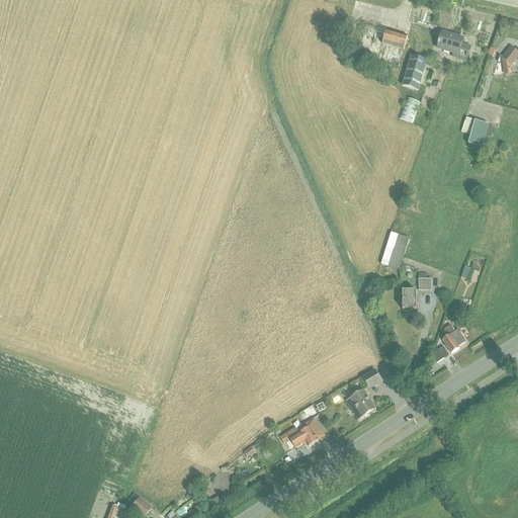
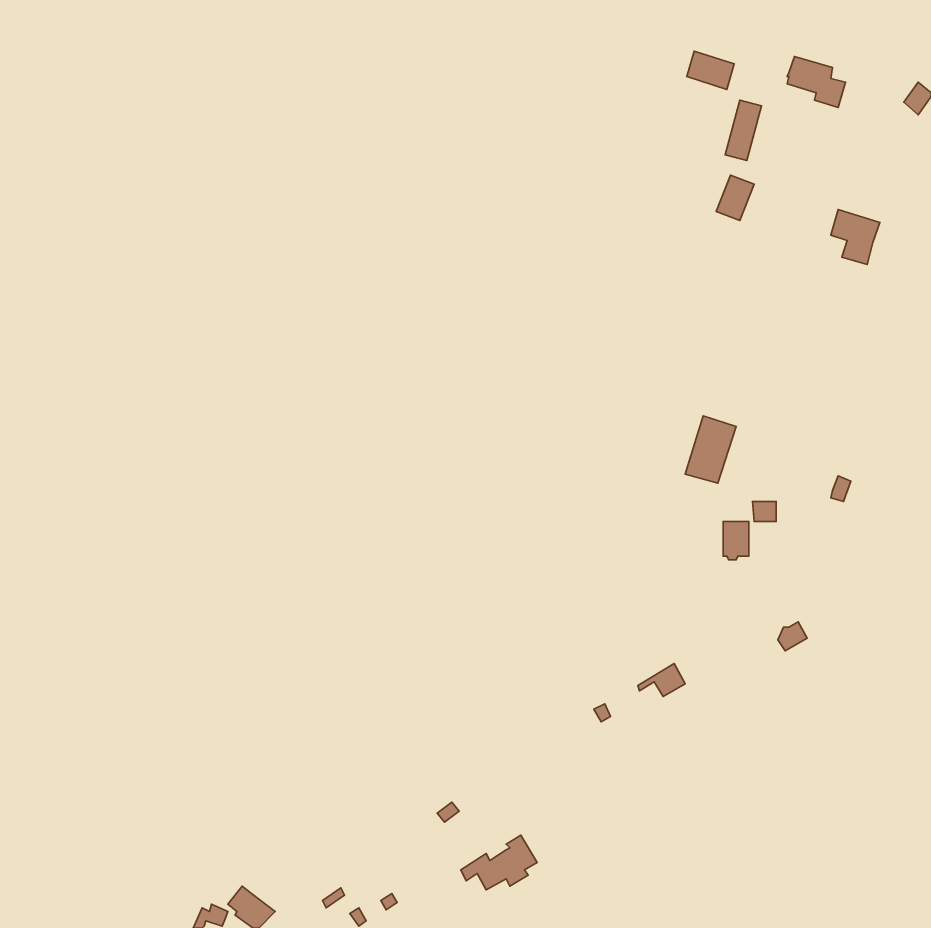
building: [441,324,465,352] -> none
building: [349,388,375,417] -> none
building: [280,417,323,447] -> [461,835,537,890]

